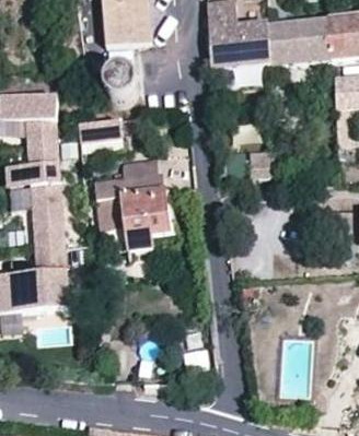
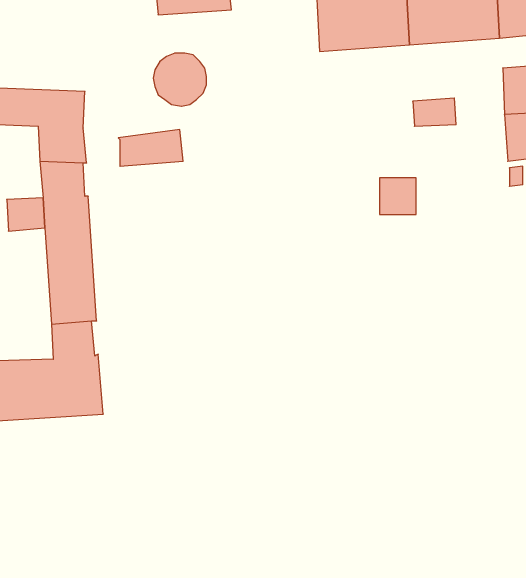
building: [95,155,171,251] -> none

